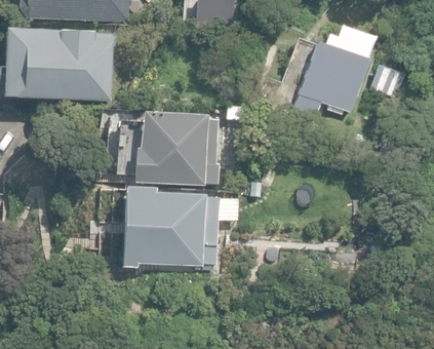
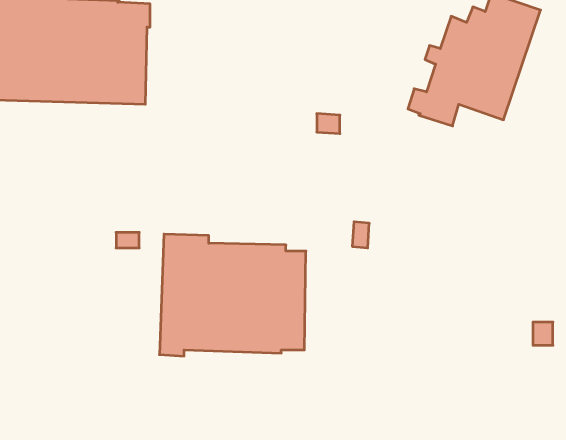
building: [129,111,221,185] -> none

